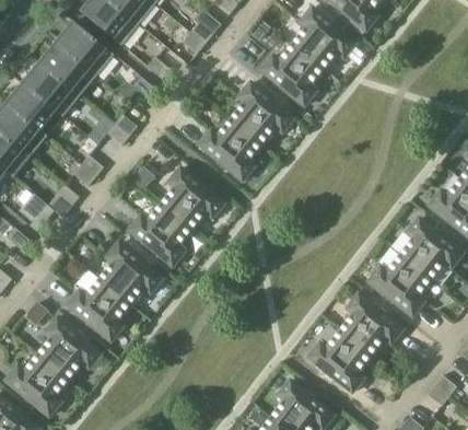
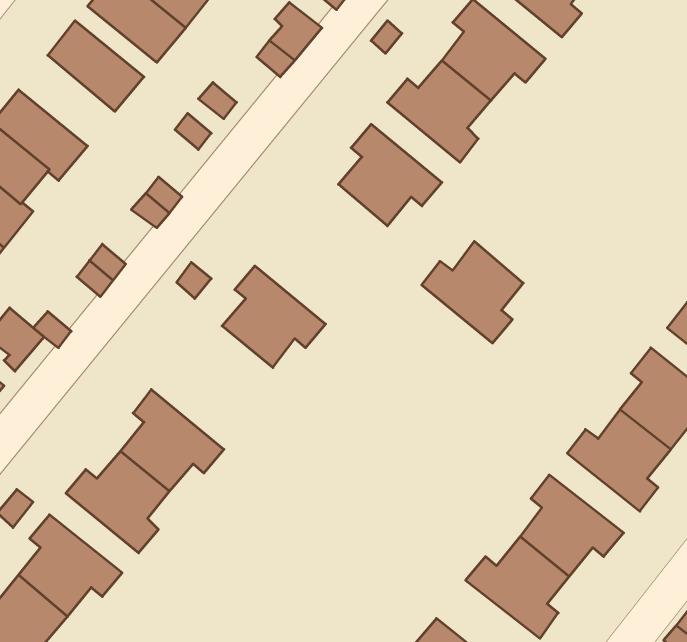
building: [39,40,97,95] -> none
building: [200,118,261,179] -> [422,241,523,343]
building: [130,204,192,265] -> none

